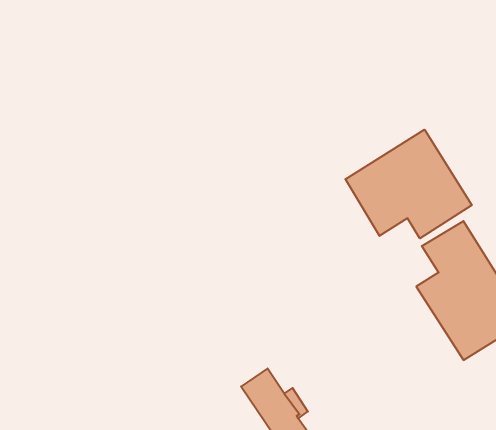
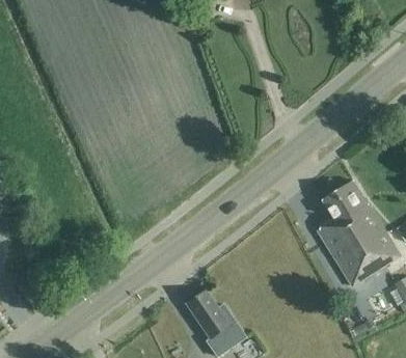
building: [345,130,472,238] -> none

